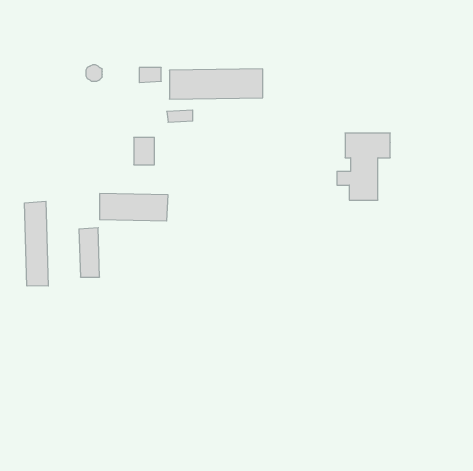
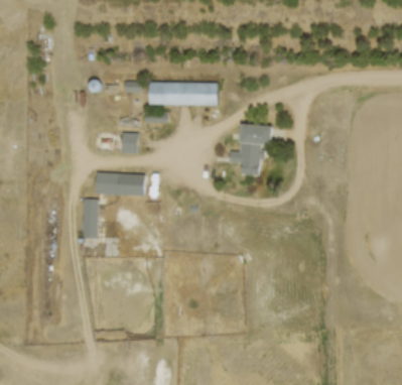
building: [337,133,390,200] -> [231,125,270,174]
building: [25,201,48,286] -> none

